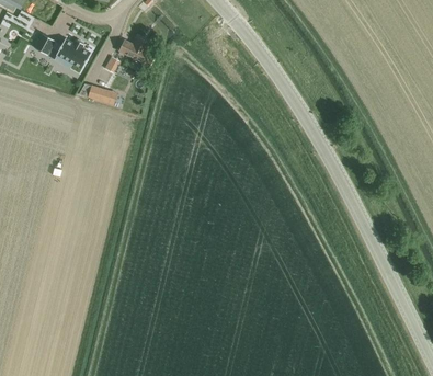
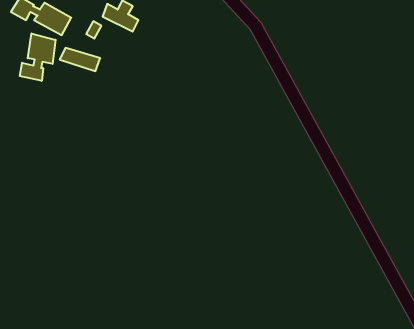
building: none -> [20,33,56,81]

